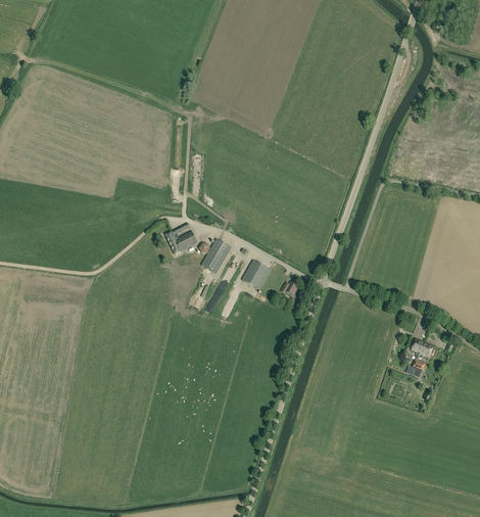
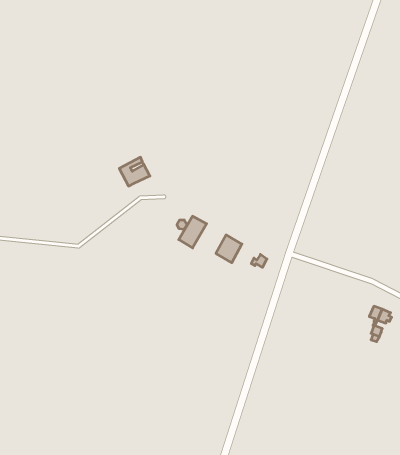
building: [164,223,198,254] -> [119,157,150,186]

